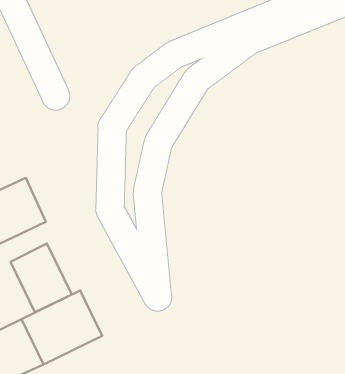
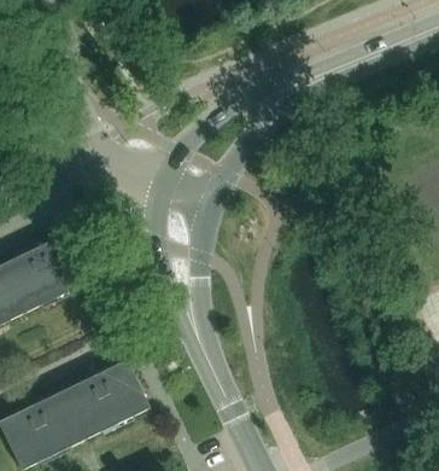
building: [11,244,72,312] -> none

